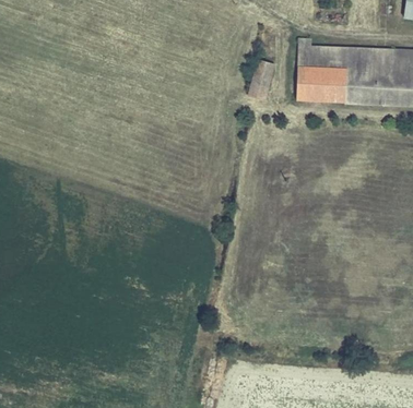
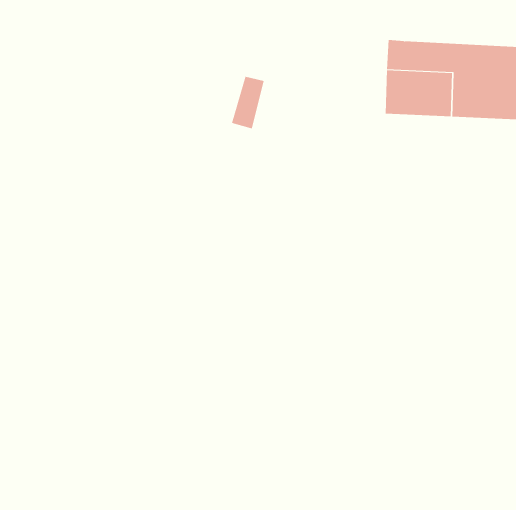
building: [250,59,274,97] -> [231,76,265,129]

